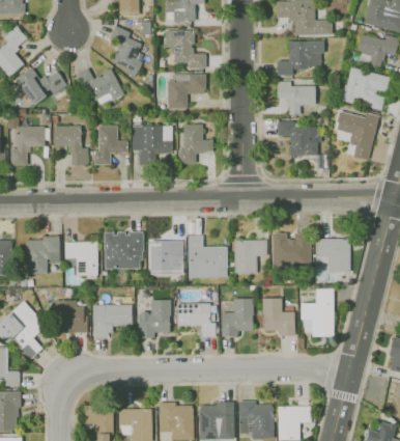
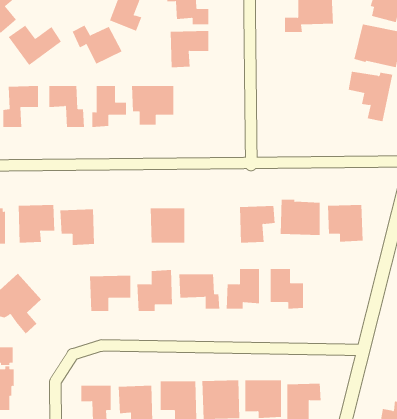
building: [277,81,315,114] -> none
building: [278,121,319,156] -> none
building: [180,123,212,164] -> none
building: [104,231,142,269] -> none
building: [188,235,227,278] -> none
building: [302,288,334,337] -> none
building: [56,300,86,333] -> none

